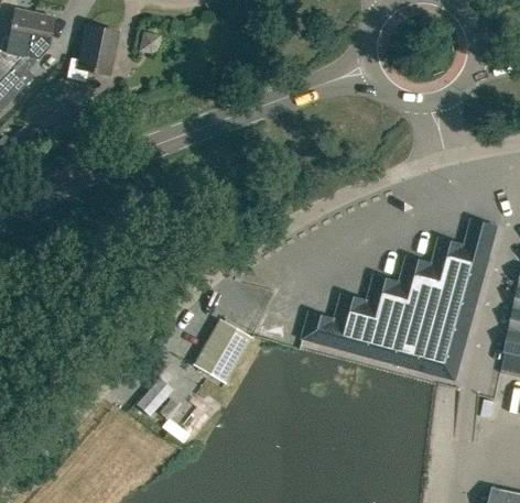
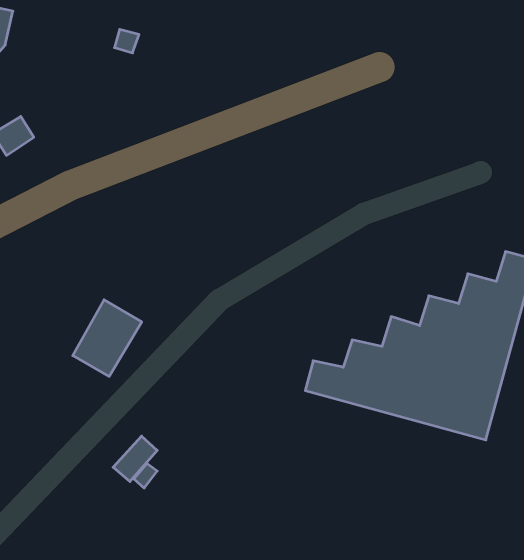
building: [68,25,118,79] -> none
building: [192,319,250,384] -> [73,300,142,376]

